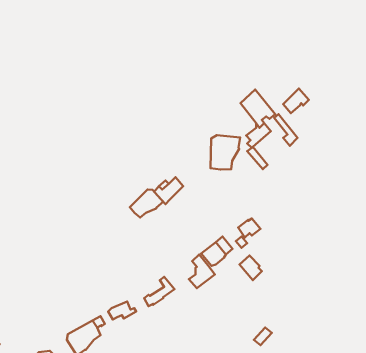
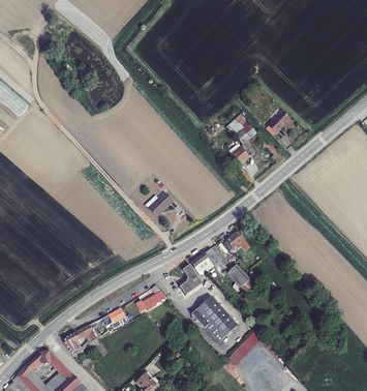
building: [210,135,240,169] -> none
building: [130,189,163,217] -> none
building: none -> [191,295,239,342]

